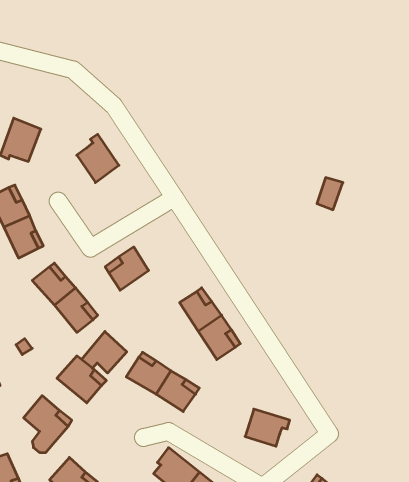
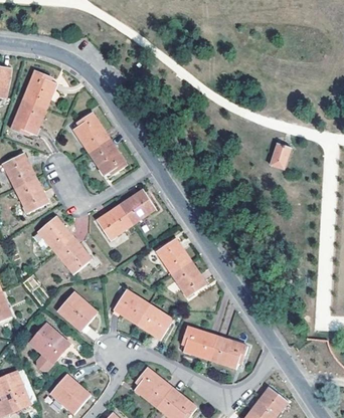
building: none -> [22,70,54,109]
building: none -> [89,138,126,174]
building: none -> [120,193,155,223]
building: [82,331,127,373] -> none
building: none -> [184,326,217,358]

